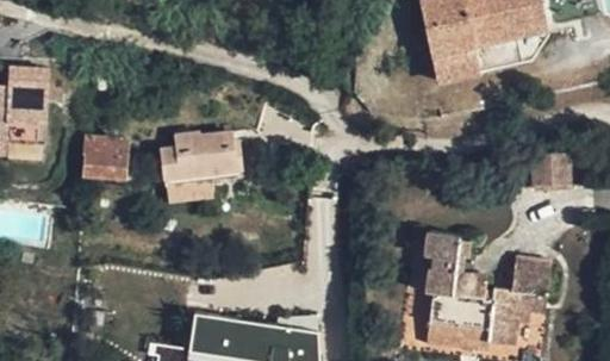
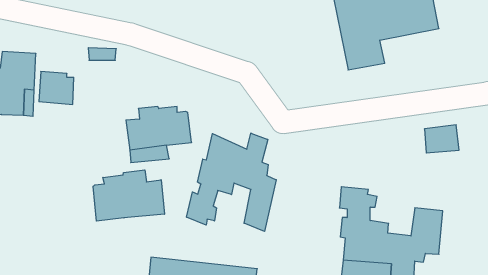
building: [82,137,125,178] -> [39,72,74,104]
building: none -> [187,133,276,231]
building: none -> [93,170,164,221]

